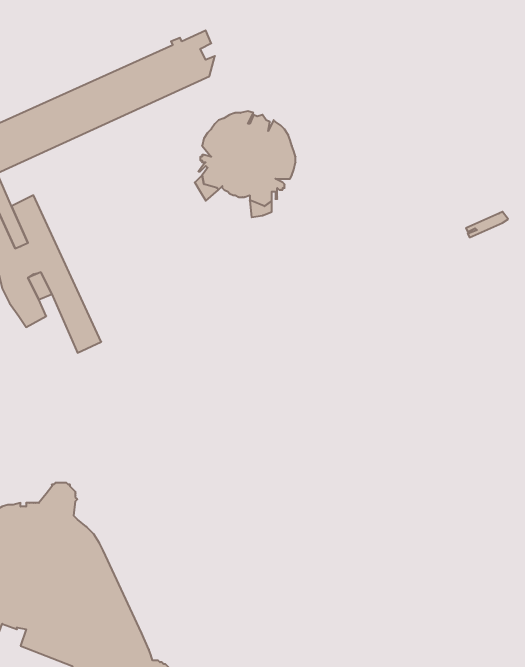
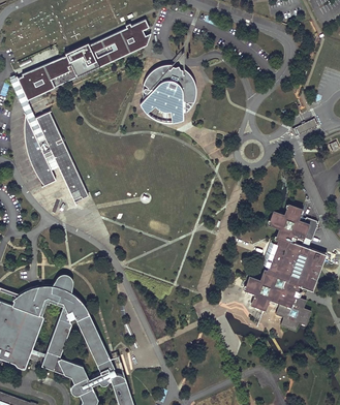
building: none -> [247,204,321,331]

